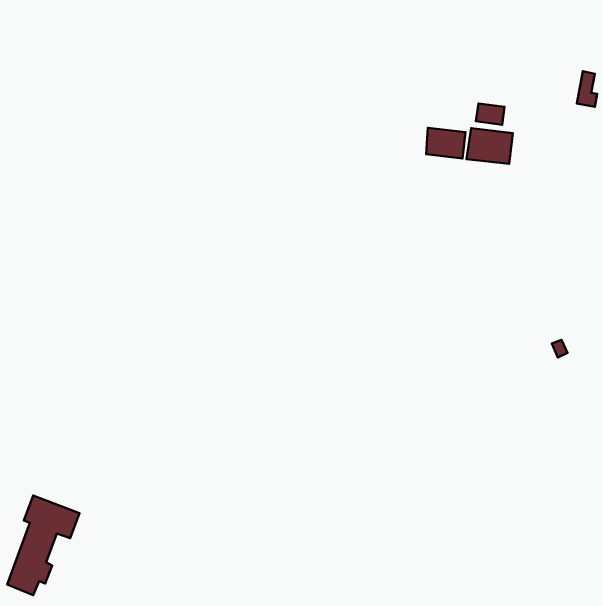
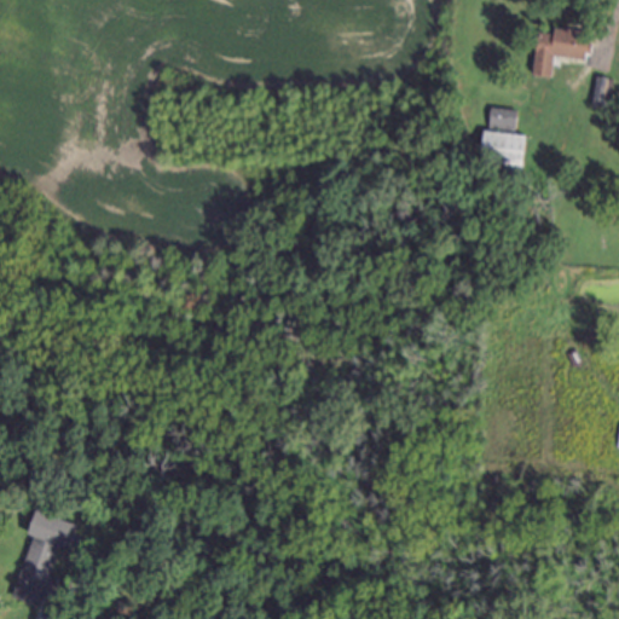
building: none -> [533,28,590,77]
building: [426,128,466,159] -> none

